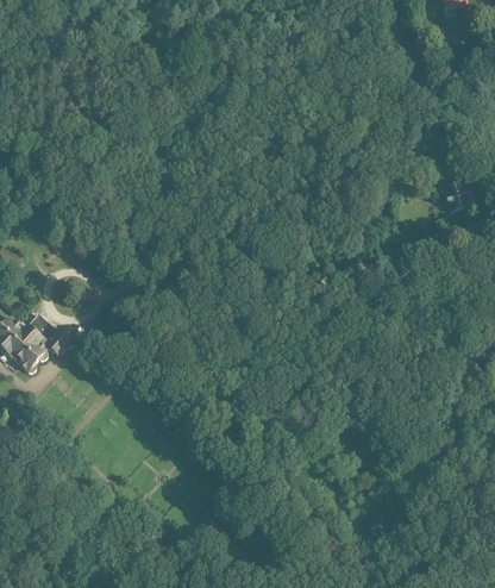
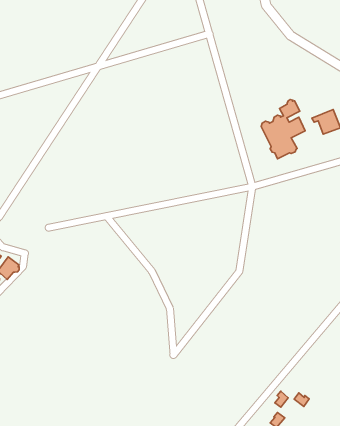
building: none -> [261,100,305,159]

